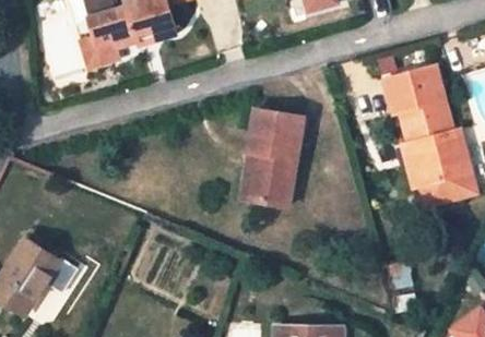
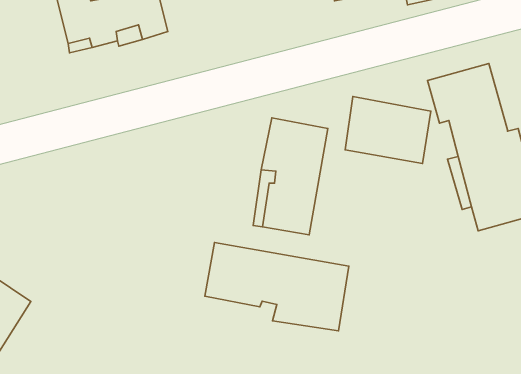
building: none -> [345,97,431,163]
building: none -> [205,243,349,331]

